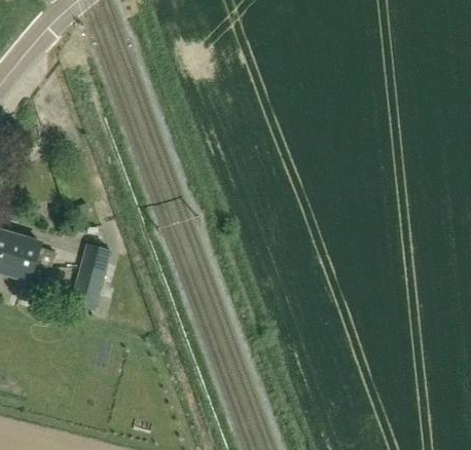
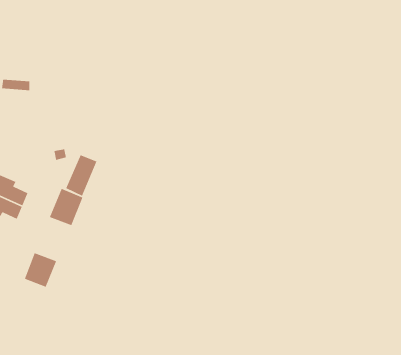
building: none -> [65,154,98,197]
building: [70,274,102,309] -> [24,252,57,288]

